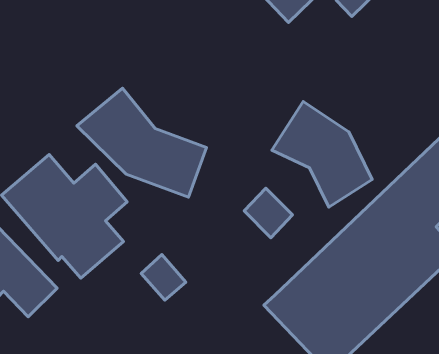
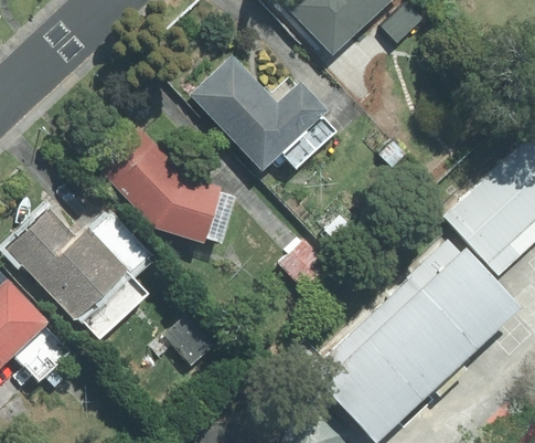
building: none -> [191,53,339,170]
building: [272,102,372,207] -> none

